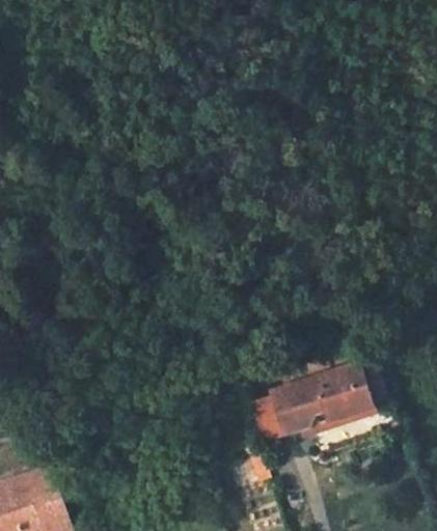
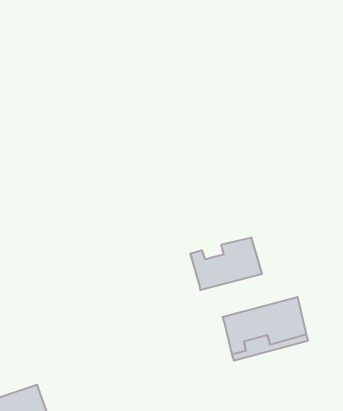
building: none -> [190,237,262,290]
building: [247,393,282,438] -> none

